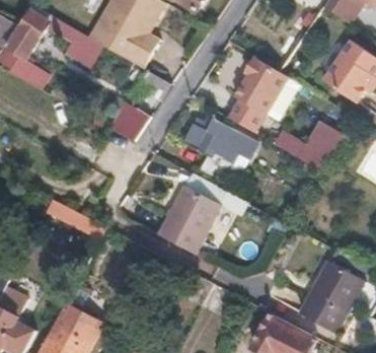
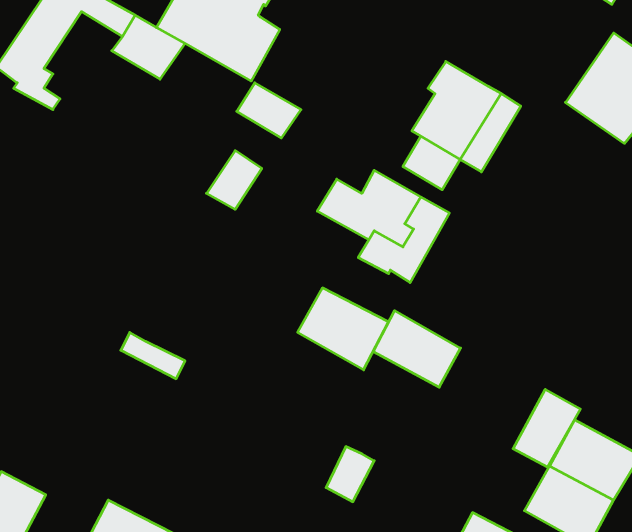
building: [295,118,342,168] -> none
building: [158,210,208,254] -> [373,311,461,387]
building: none -> [513,389,580,467]

